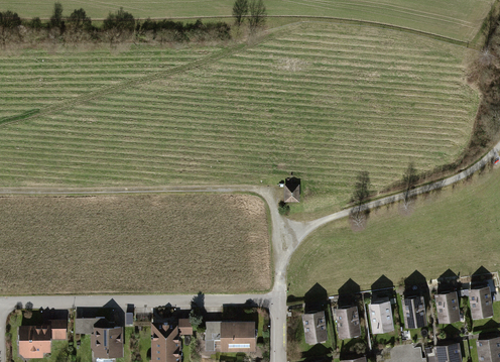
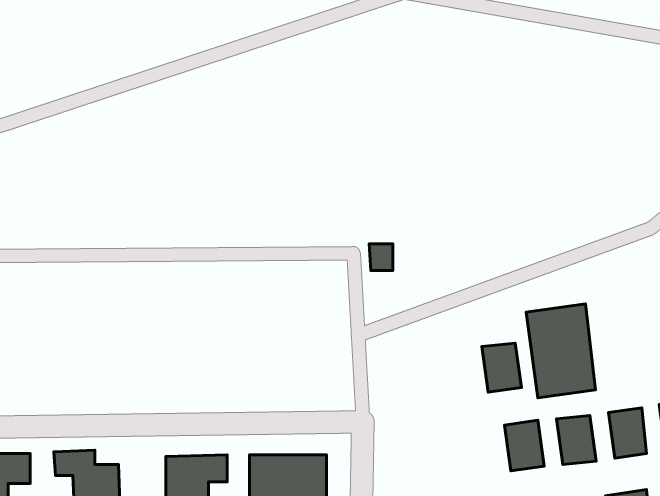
building: none -> [526,304,595,398]
building: [336,306,361,337] -> [482,343,521,392]
building: [302,311,328,342] -> none

